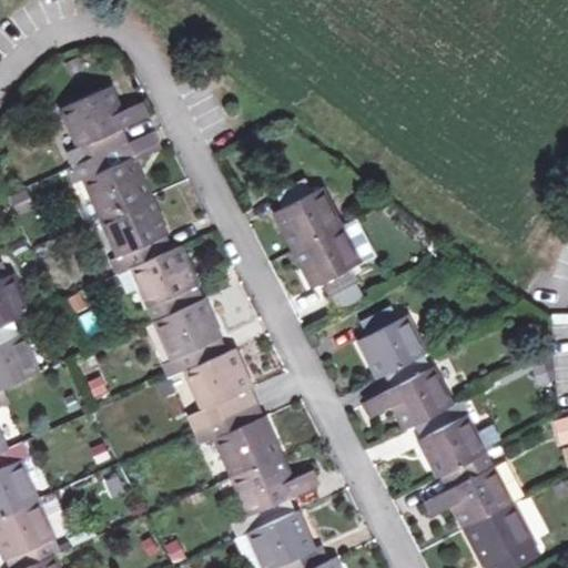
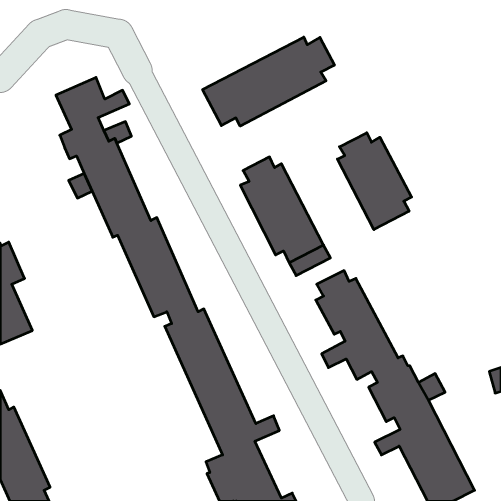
building: none -> [203,37,334,126]
building: none -> [337,133,412,230]

